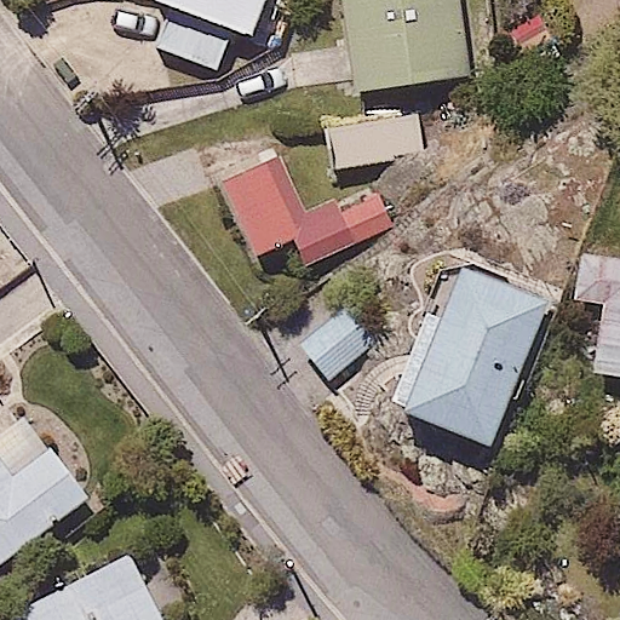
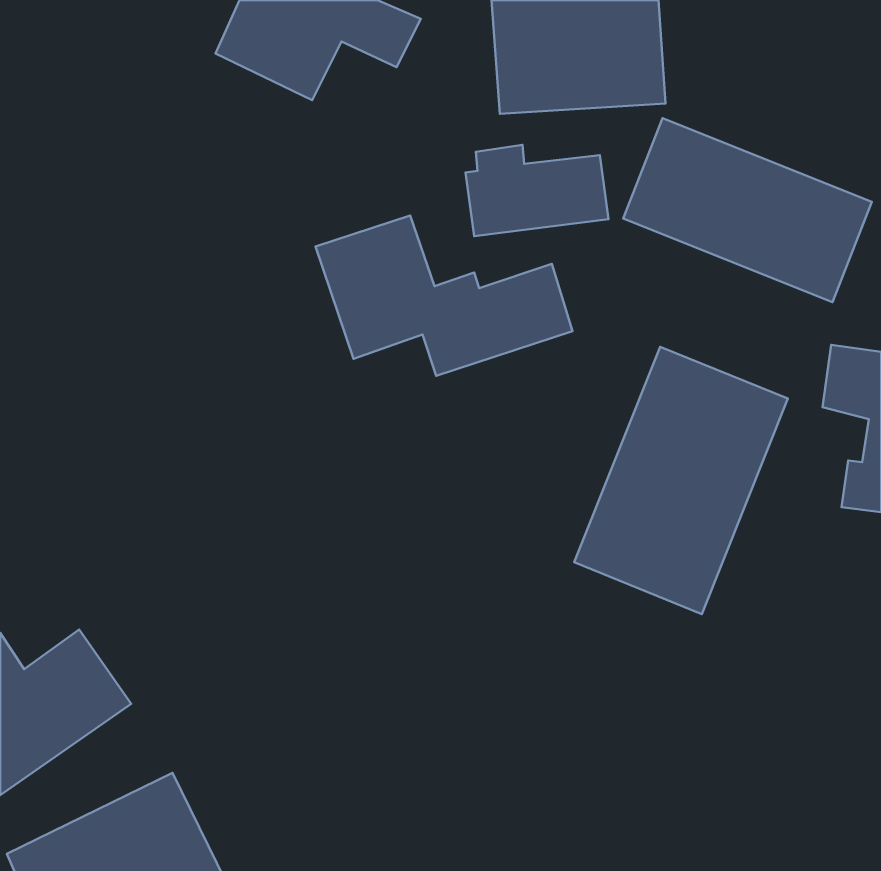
building: none -> [623,118,872,302]

